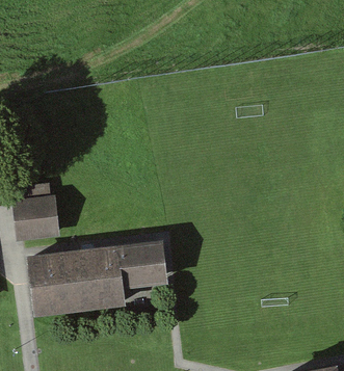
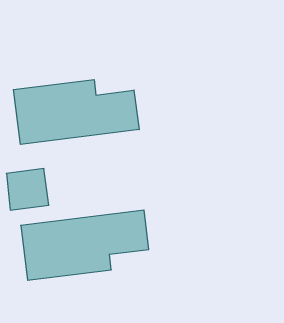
building: none -> [13,80,139,144]

